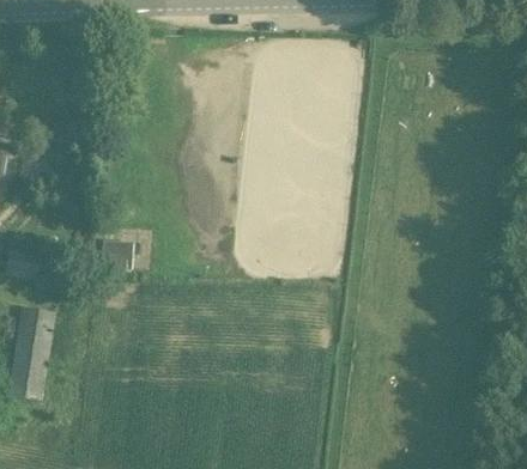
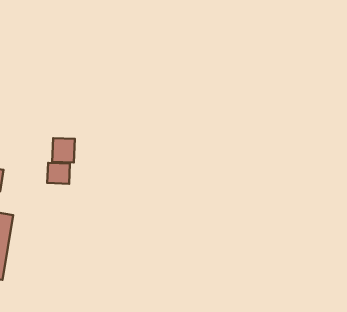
building: none -> [52,138,75,163]

